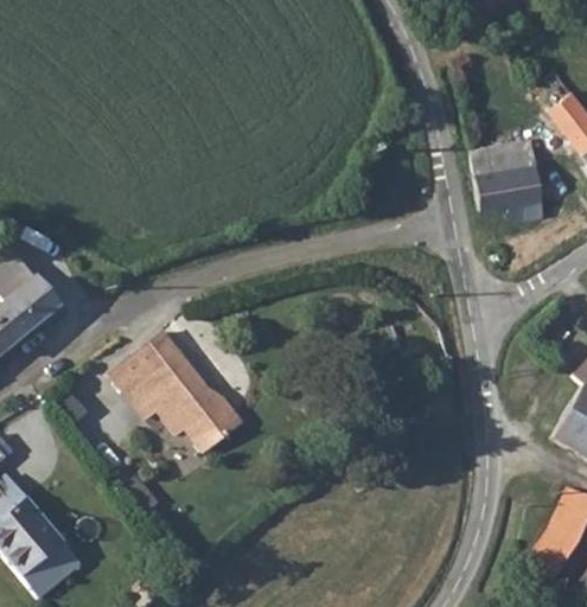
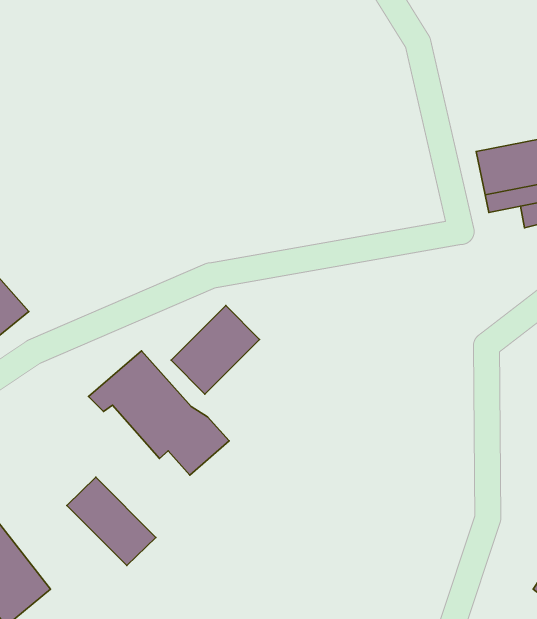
building: none -> [171,305,259,394]
building: none -> [67,477,156,566]

